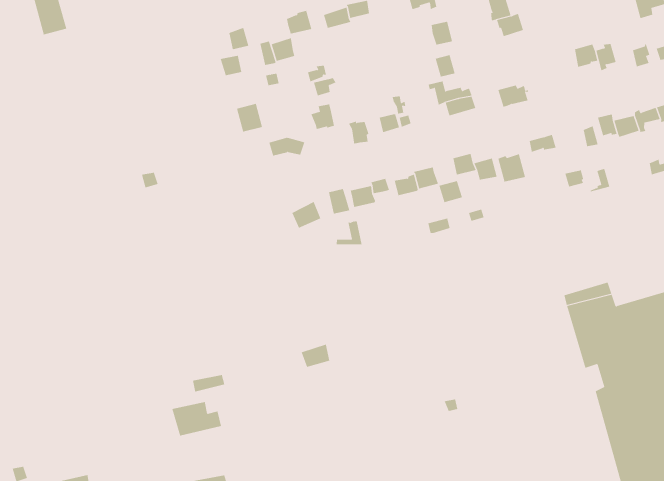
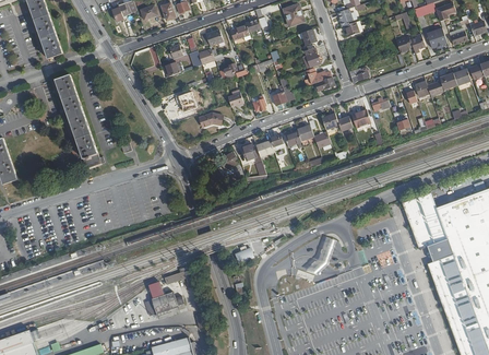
building: none -> [55,74,99,167]

